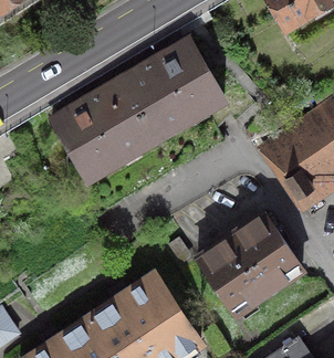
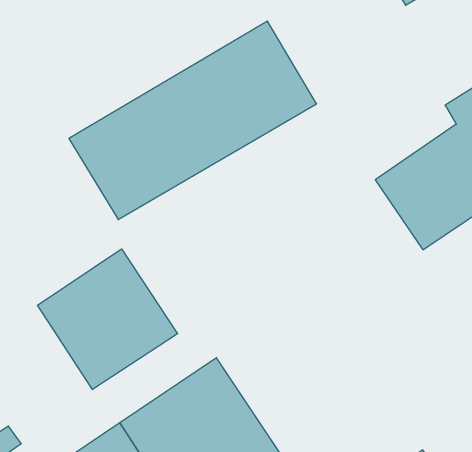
building: none -> [38,249,178,390]
building: [199,213,302,313] -> none

